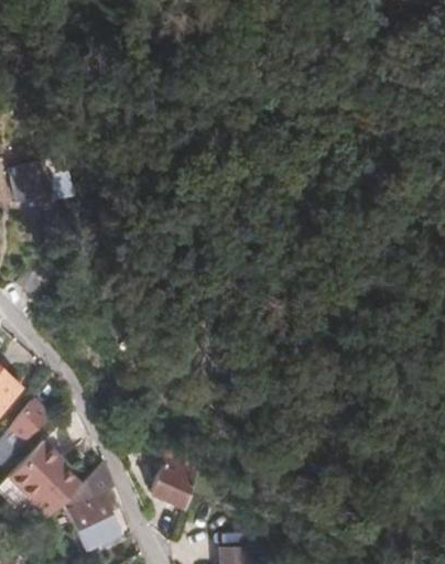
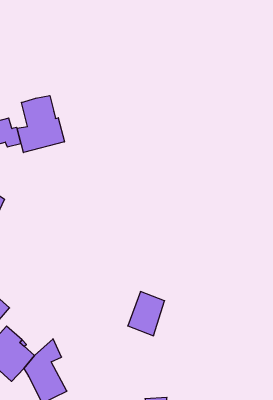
building: none -> [17,96,64,153]
building: [153,449,205,510] -> [128,292,165,336]

